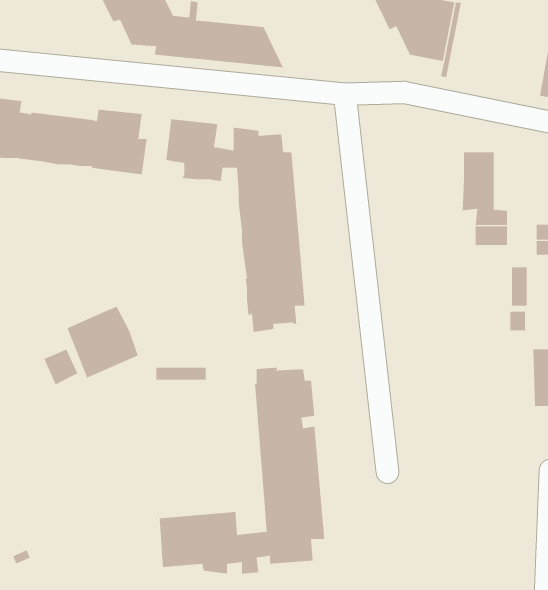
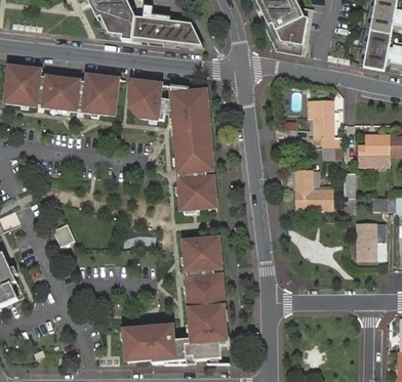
building: none -> [294,170,330,207]
building: [67,306,139,379] -> none

